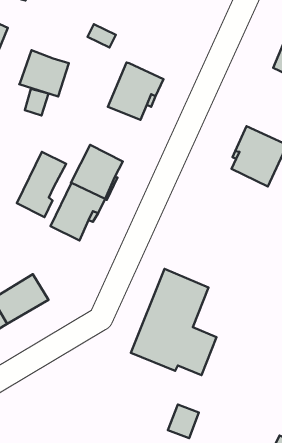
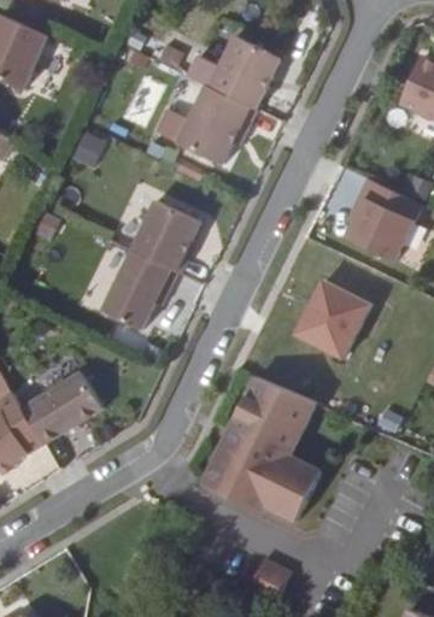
building: none -> [209,36,280,110]
building: [19,50,69,96] -> none
building: [17,152,66,217] -> none
building: none -> [283,266,363,351]

